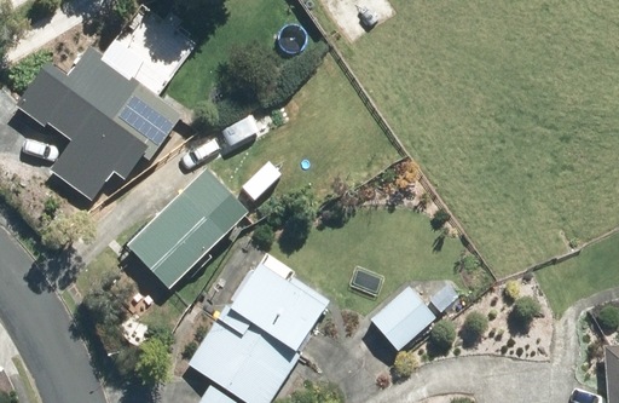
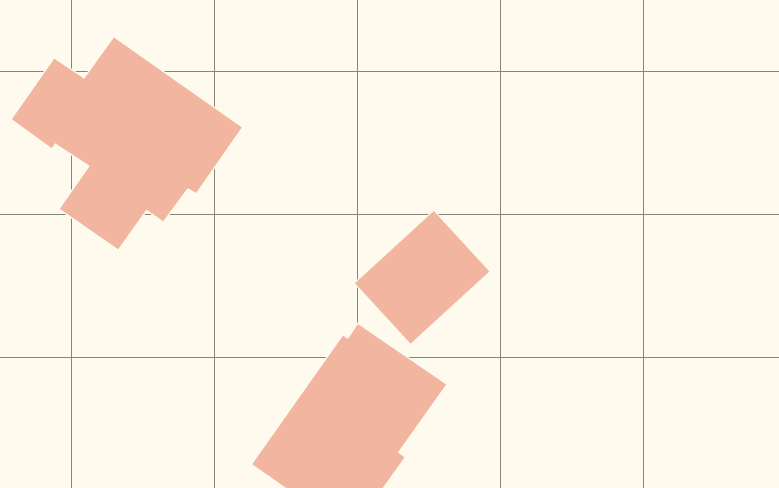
building: [131,189,230,287] -> [354,210,490,345]
building: [371,286,436,349] -> none

